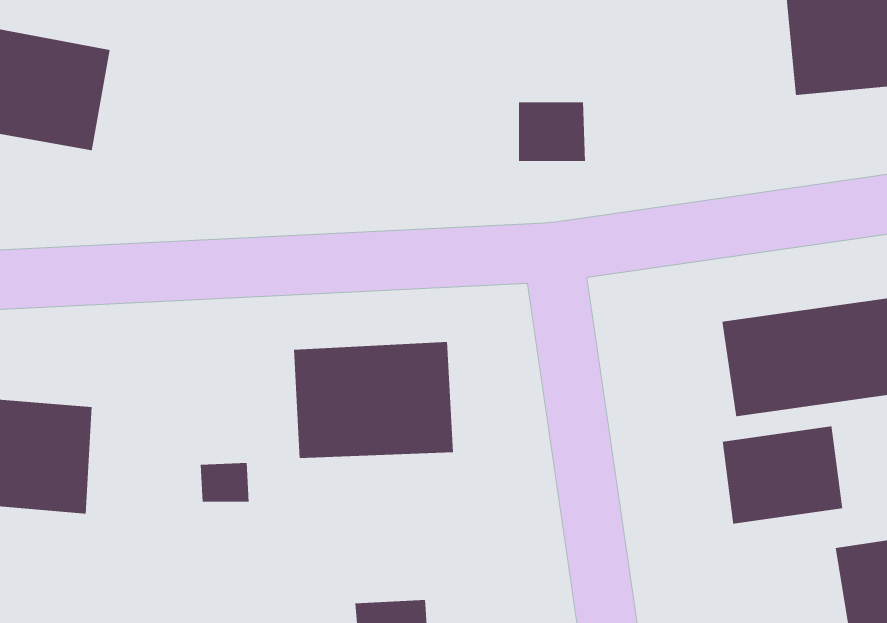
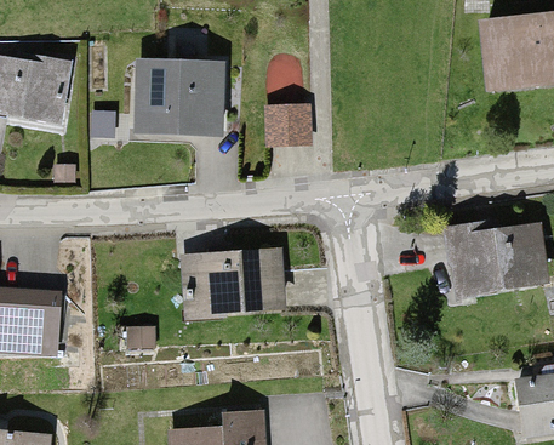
building: none -> [130,58,223,137]
building: [518,102,586,162] -> [262,103,303,139]
building: [722,426,843,525] -> none

